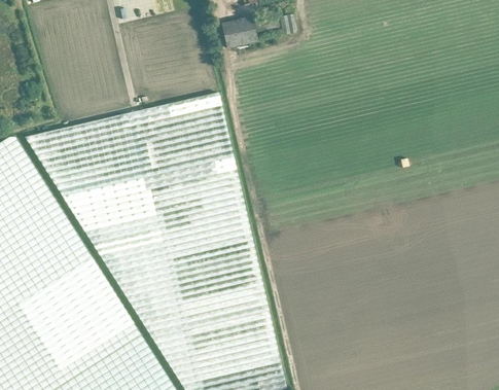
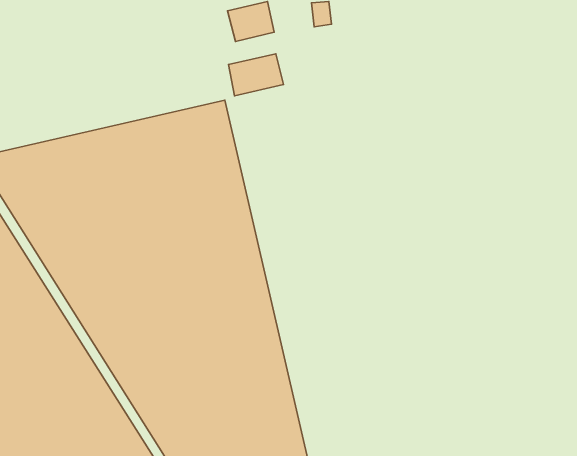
building: none -> [228,54,284,96]

